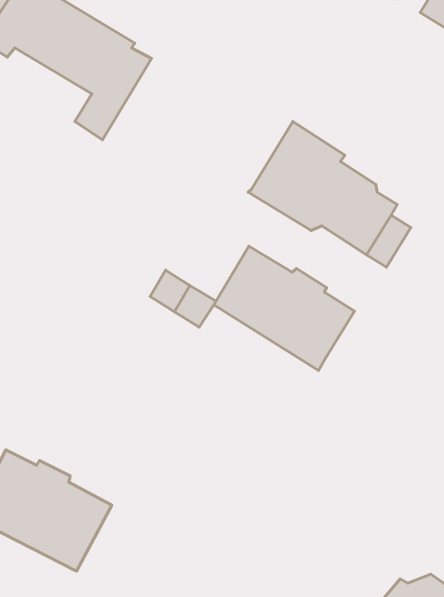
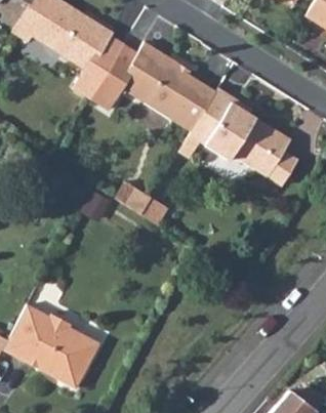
building: none -> [91,41,215,130]
building: [214,246,355,371] -> none

